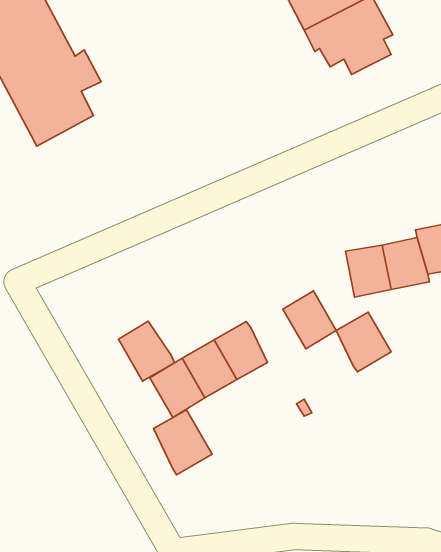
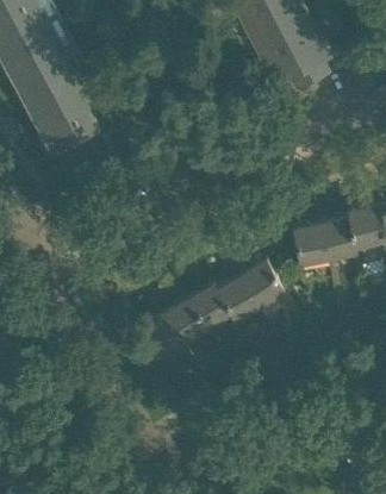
building: [336,312,391,372] -> [217,275,260,321]
building: [118,321,175,381] -> none
building: [153,410,212,475] -> none

